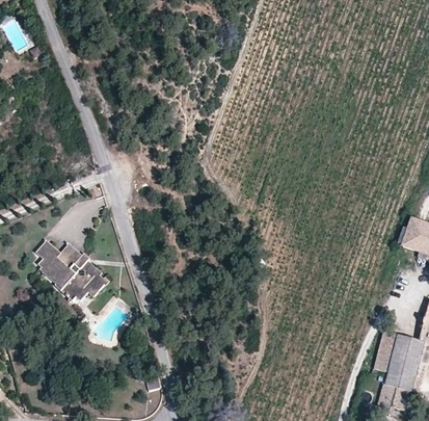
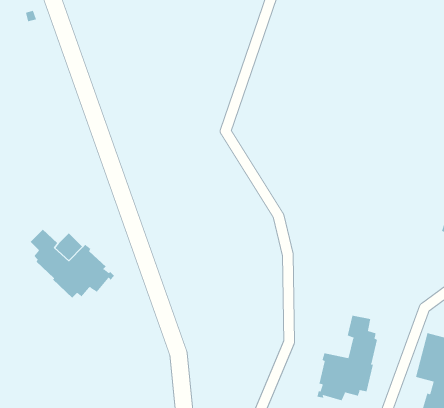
building: none -> [317,315,377,401]

